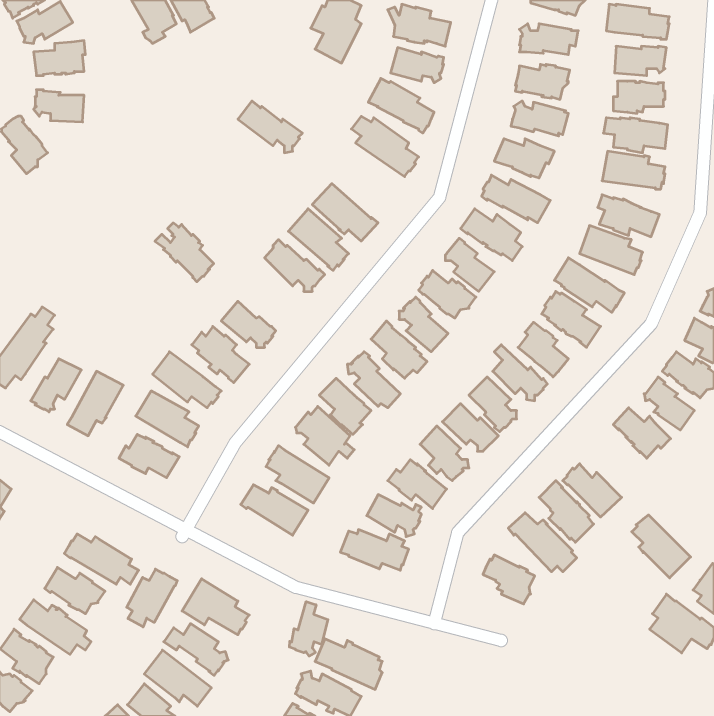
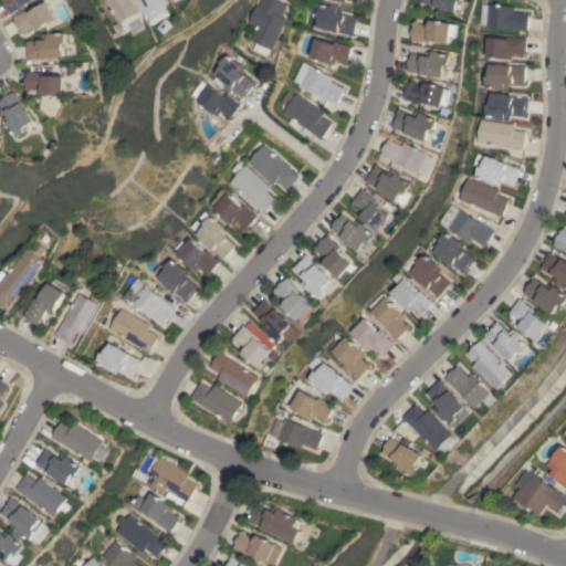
building: none -> [210,54,253,97]
building: [155,223,214,282] -> [188,213,234,260]
building: [632,515,691,578] -> [467,340,513,390]
building: [127,569,177,627] -> none
building: [289,602,328,656] -> none

